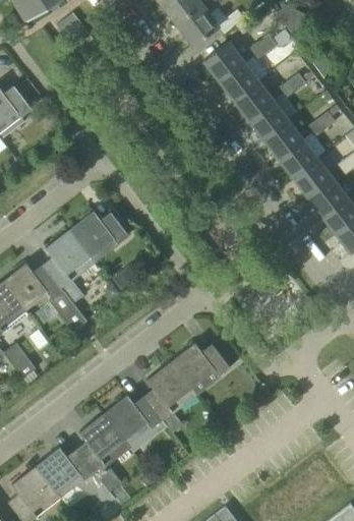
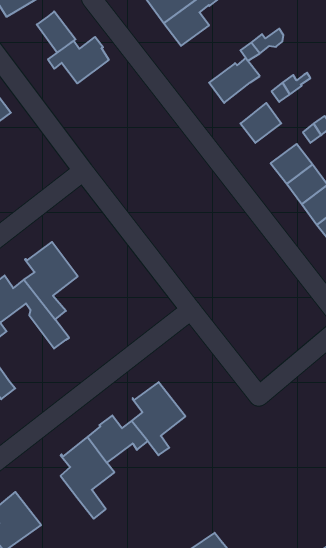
building: none -> [48,37,109,83]
building: [203,41,243,79] -> none
building: [233,79,273,118] -> none
building: [262,118,301,156] -> none
building: [70,210,128,263] -> none
building: [171,342,229,395] -> none
building: [36,446,114,506] -> none

